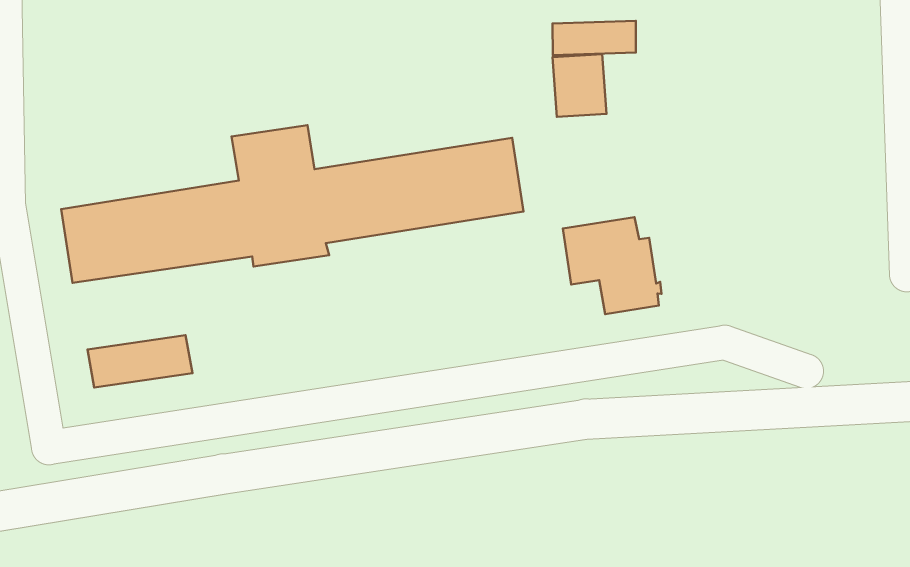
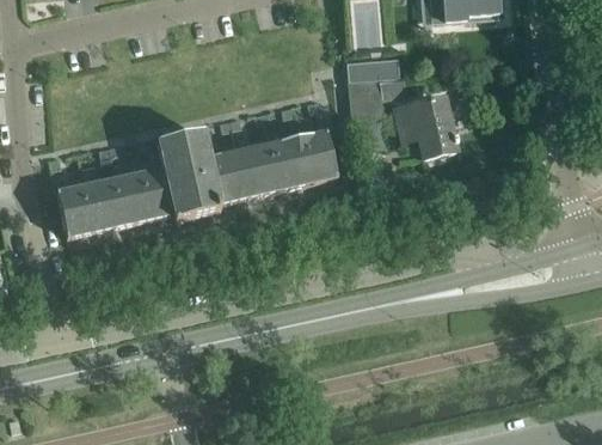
building: [563,217,662,314] -> [395,97,457,157]
building: [87,335,192,388] -> none

